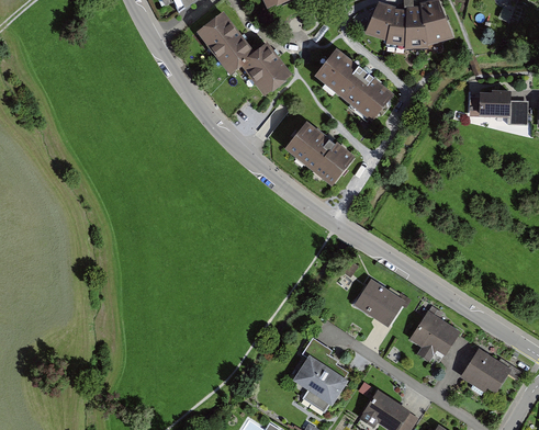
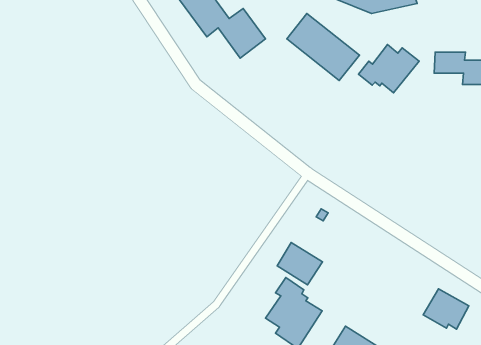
building: none -> [358,45,419,93]
building: [285,123,352,186] -> none
building: [353,279,403,325] -> [277,243,323,285]
building: [412,312,459,355] -> none

